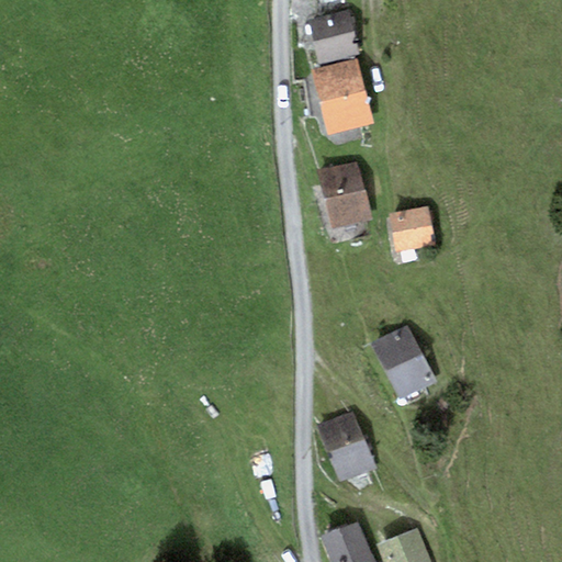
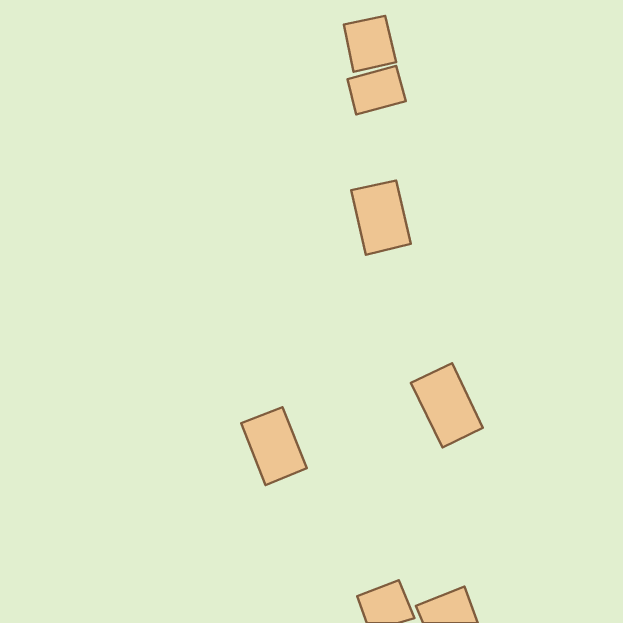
building: [321,91,373,135] -> none
building: [389,206,434,250] -> none
building: [316,412,375,482] -> [241,407,307,485]

